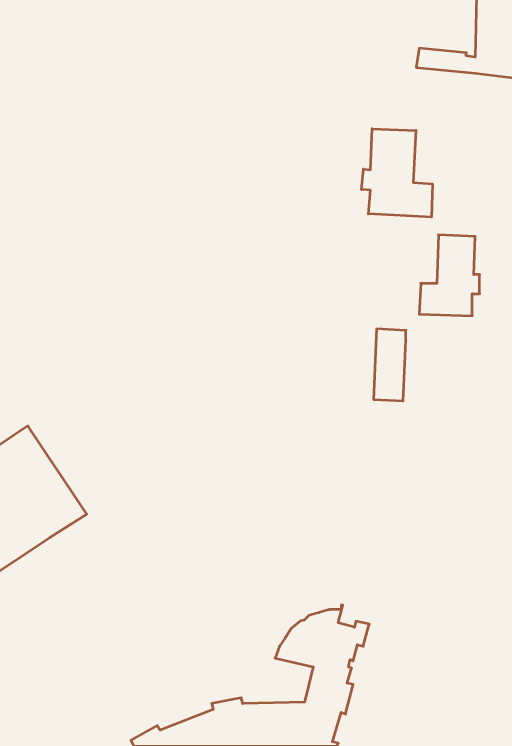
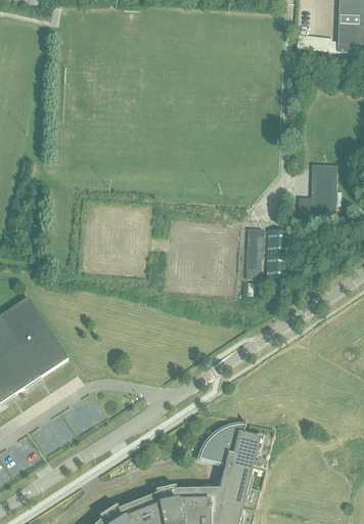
building: [362,129,432,217] -> none
building: none -> [245,228,264,279]

